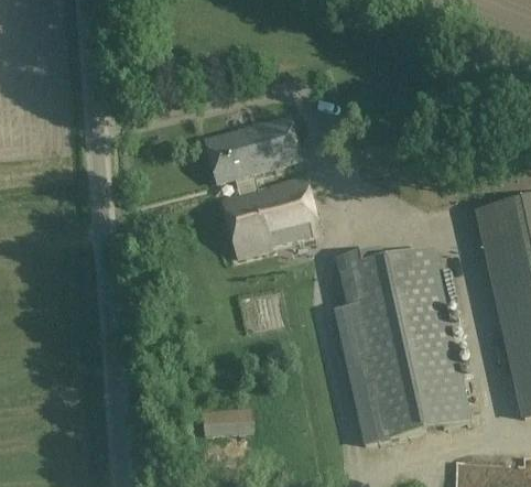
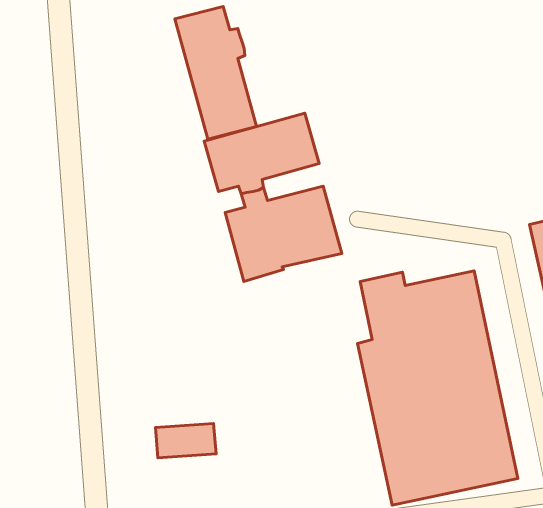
building: none -> [175,6,256,139]
building: [203,405,253,434] -> [155,423,216,458]

